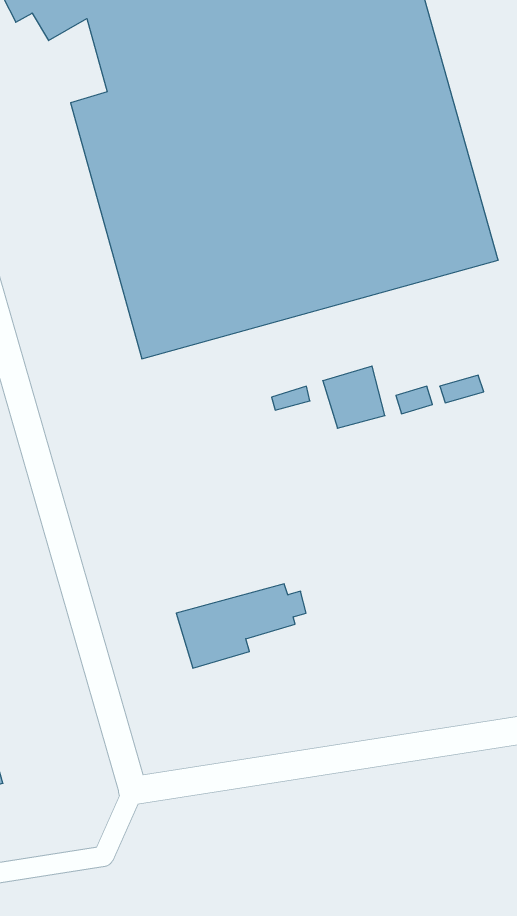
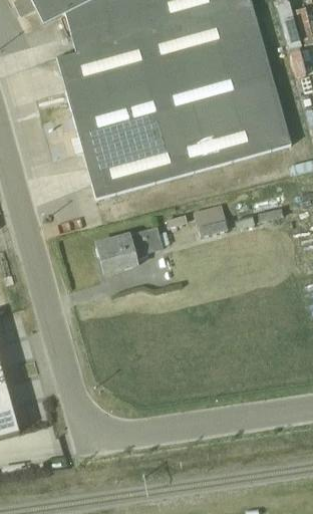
building: [176,584,306,668] -> [97,226,169,272]

